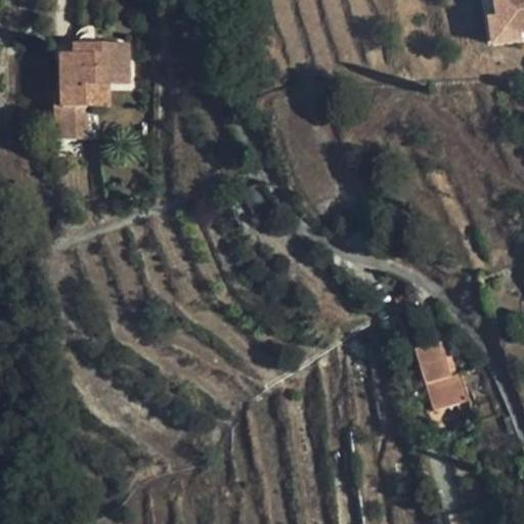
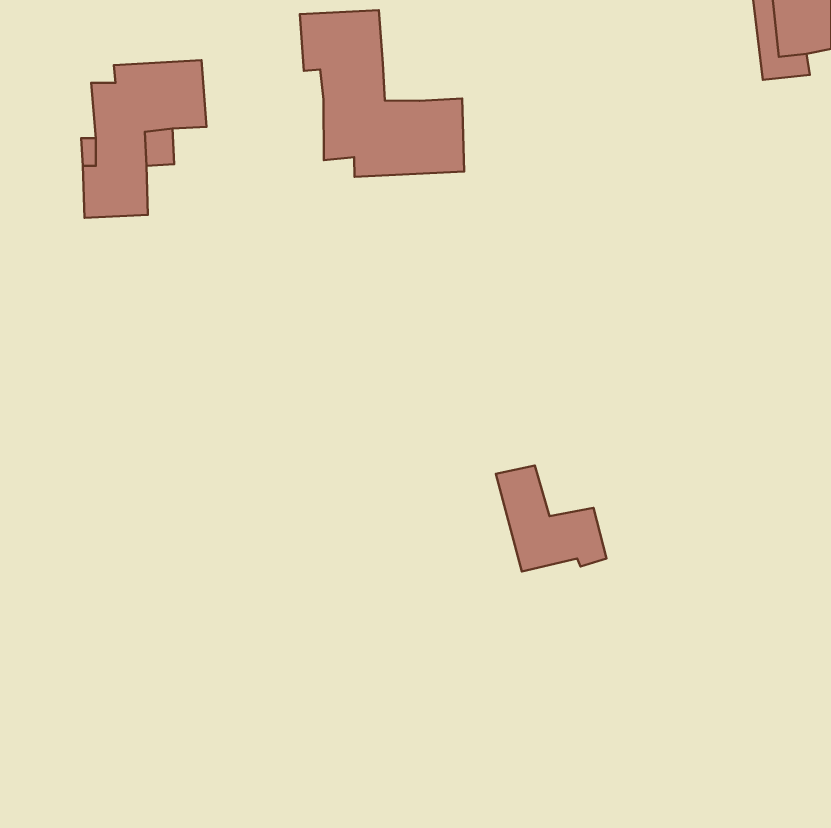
building: none -> [300,10,464,177]
building: [417,343,486,409] -> [496,466,607,571]

